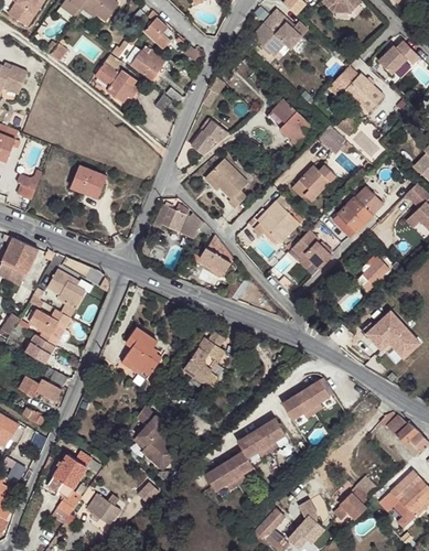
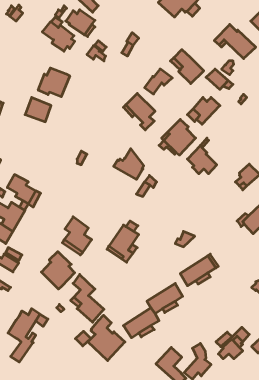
building: [191,120,228,154] -> [145,69,172,94]
building: none -> [38,68,70,97]
building: [332,186,383,236] -> none
building: [153,202,203,239] -> none
building: none -> [41,252,75,289]
building: none -> [88,315,125,361]
building: [86,494,120,525] -> none

